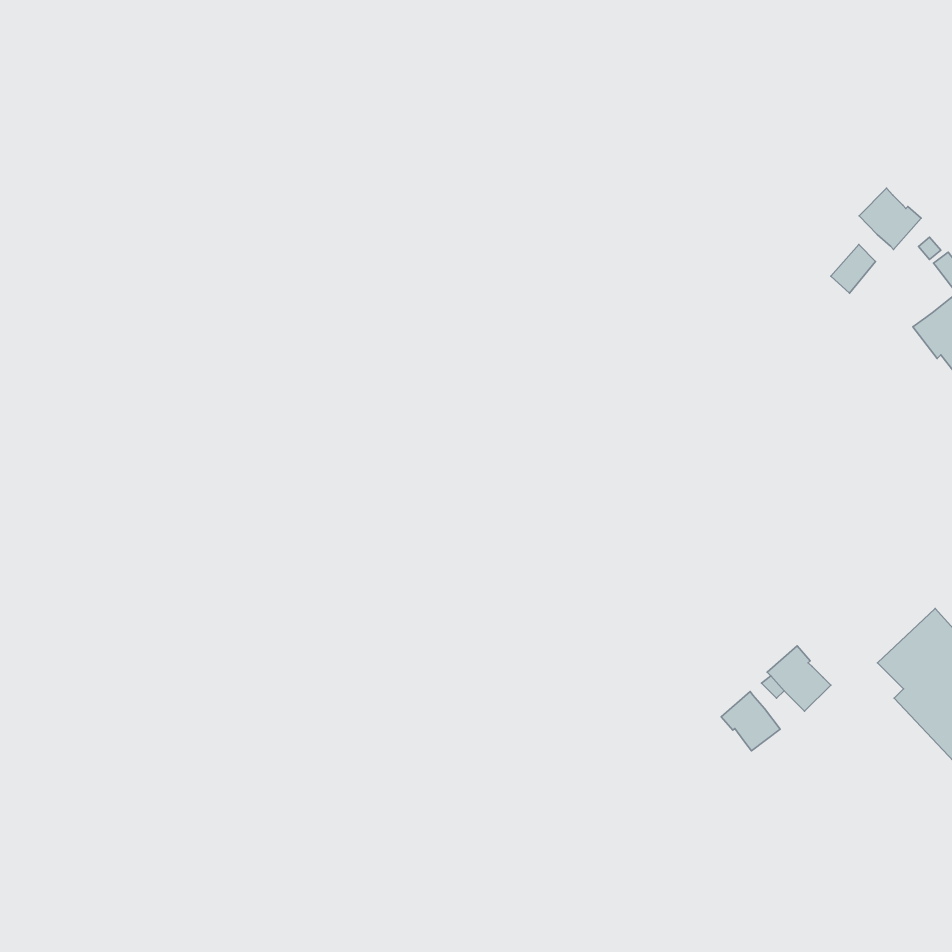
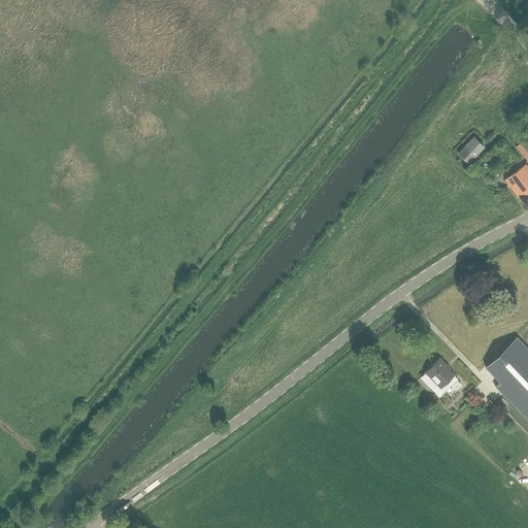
building: [859,188,921,249] -> none
building: [721,691,780,751] -> none

